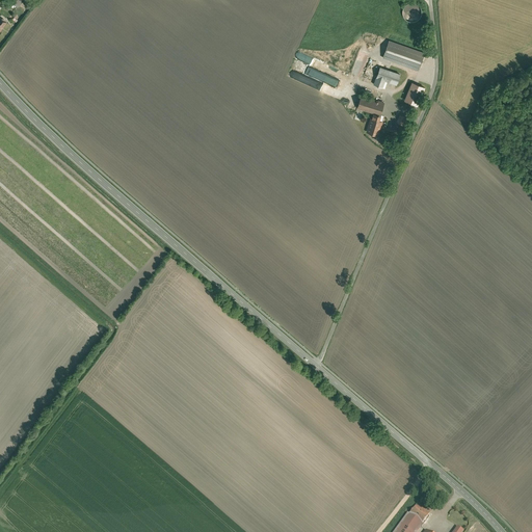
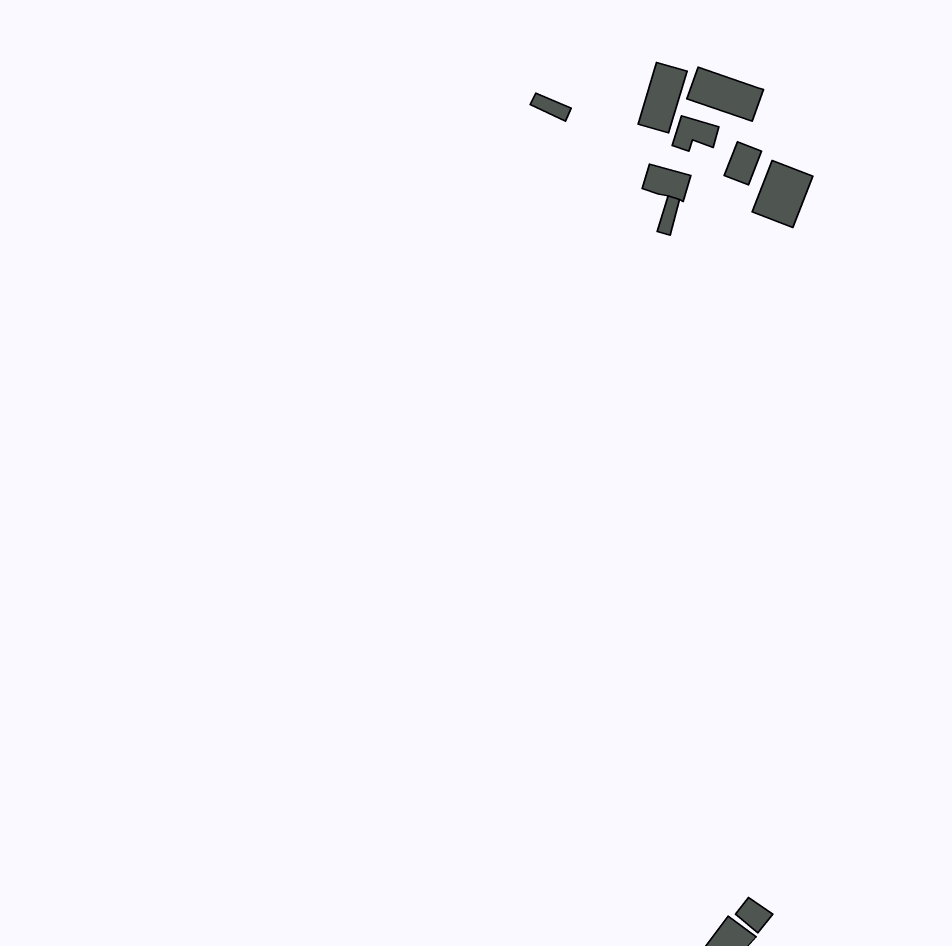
building: none -> [638,63,687,133]
building: none -> [752,161,813,228]

